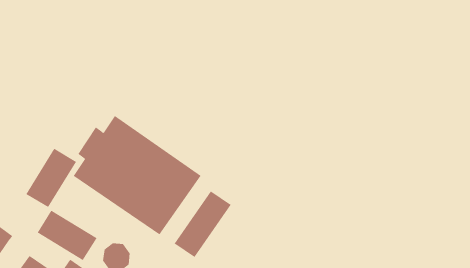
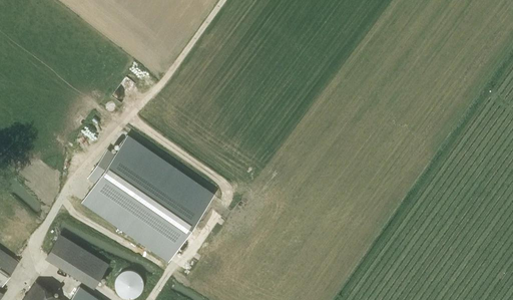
building: [26,148,77,208] -> none
building: [174,191,231,258] -> none

